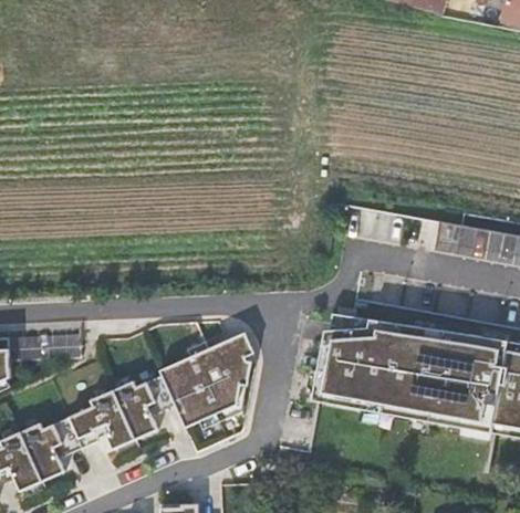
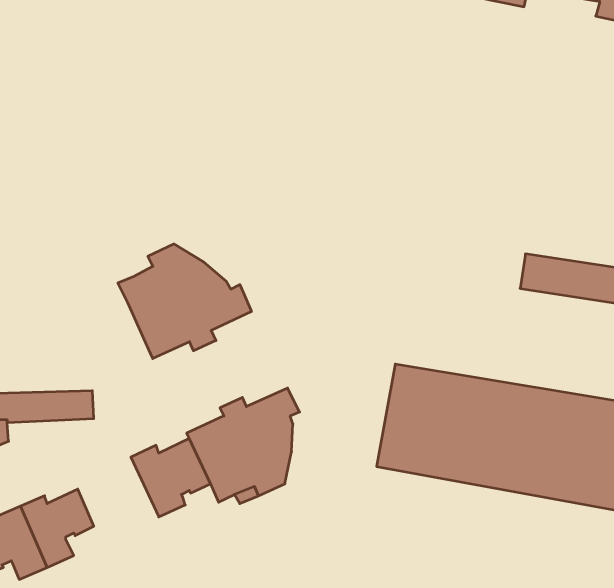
building: none -> [118,244,251,359]
building: [69,389,136,449] -> none

